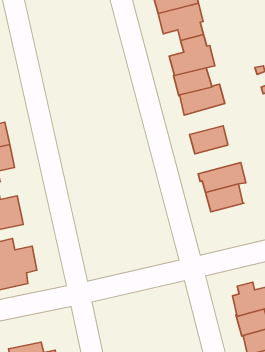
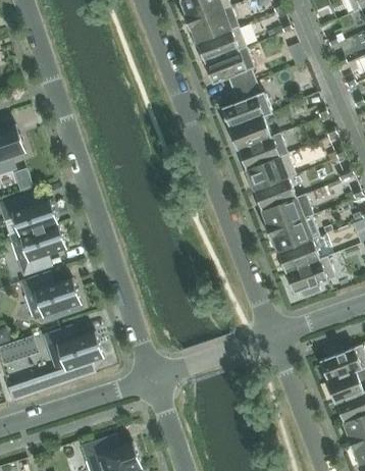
building: none -> [245,153,296,191]
building: none -> [261,194,314,232]
building: none -> [285,256,335,299]

